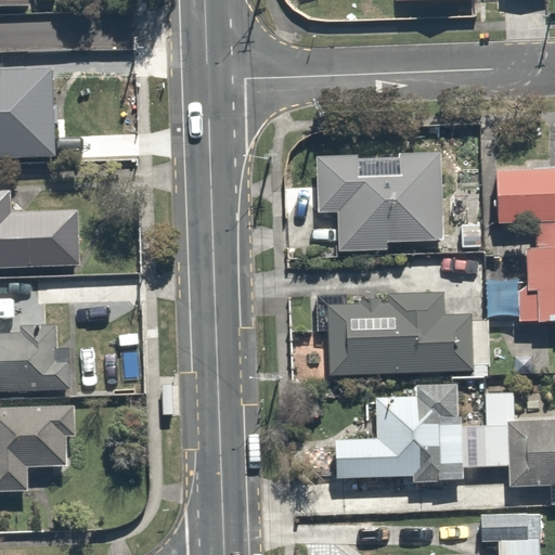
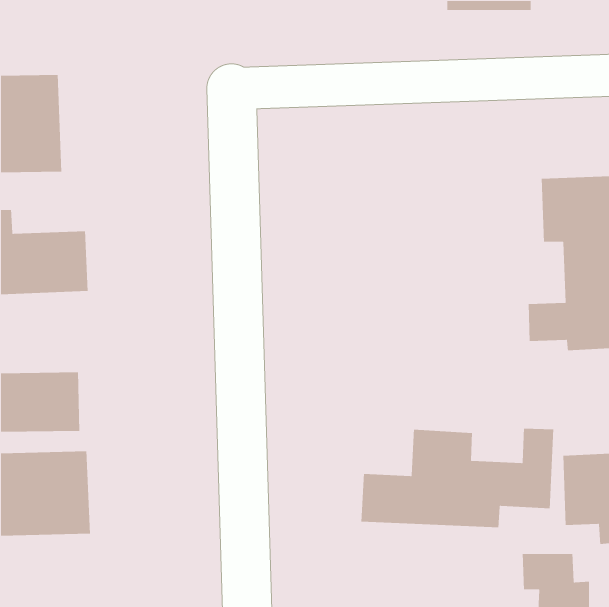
building: [305,151,443,258] -> none
building: [324,283,464,375] -> none

